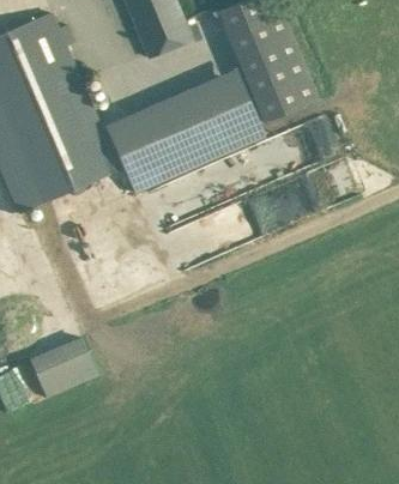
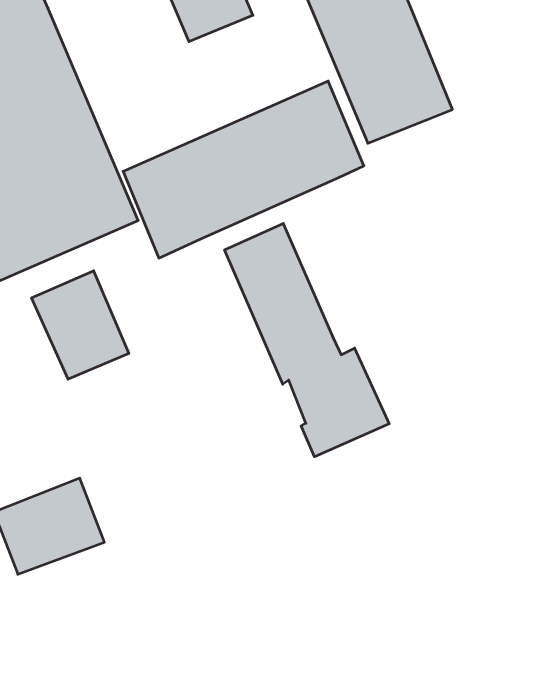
building: none -> [225,223,389,457]
building: none -> [32,271,129,379]

